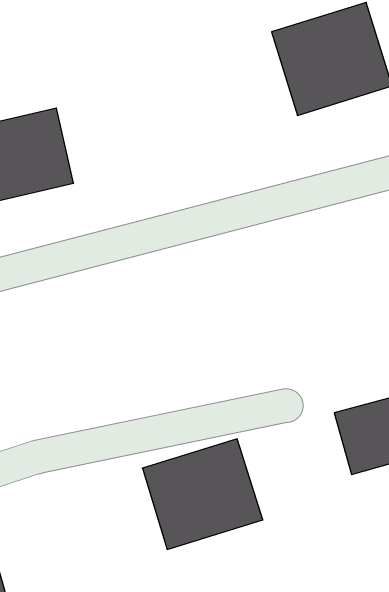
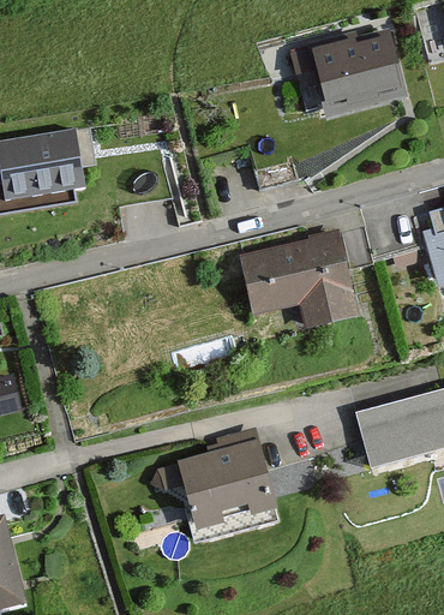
building: none -> [239,221,361,335]

